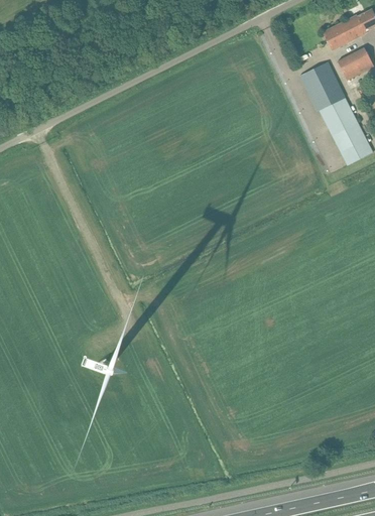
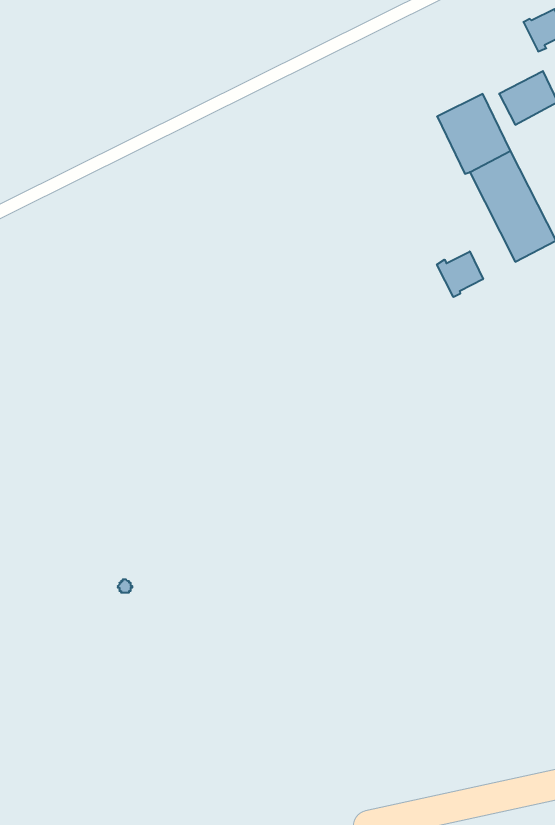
building: [322,16,361,49] -> none
building: none -> [437,251,483,297]

